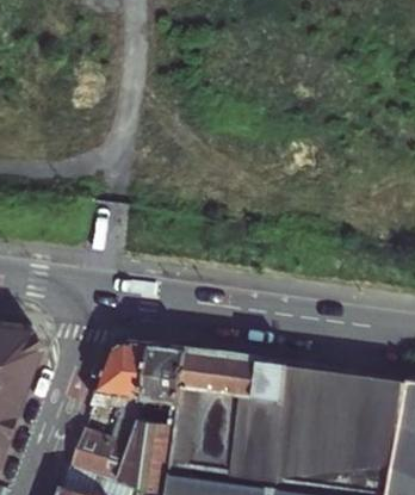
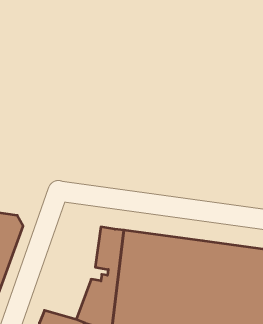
building: [69,344,151,482] -> none

